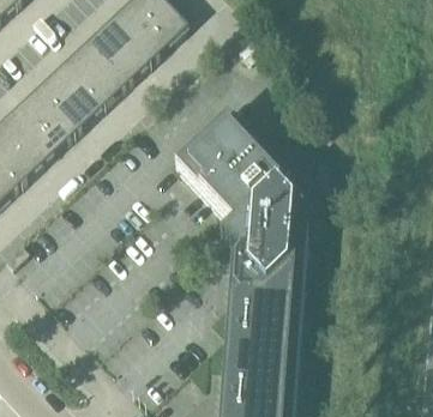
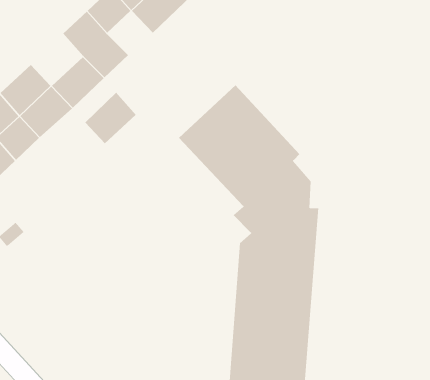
building: [106,41,149,83] -> none
building: [34,62,83,111] -> [84,92,137,144]

